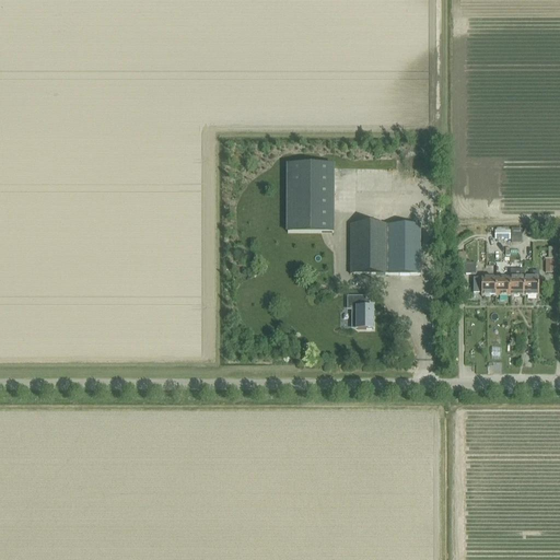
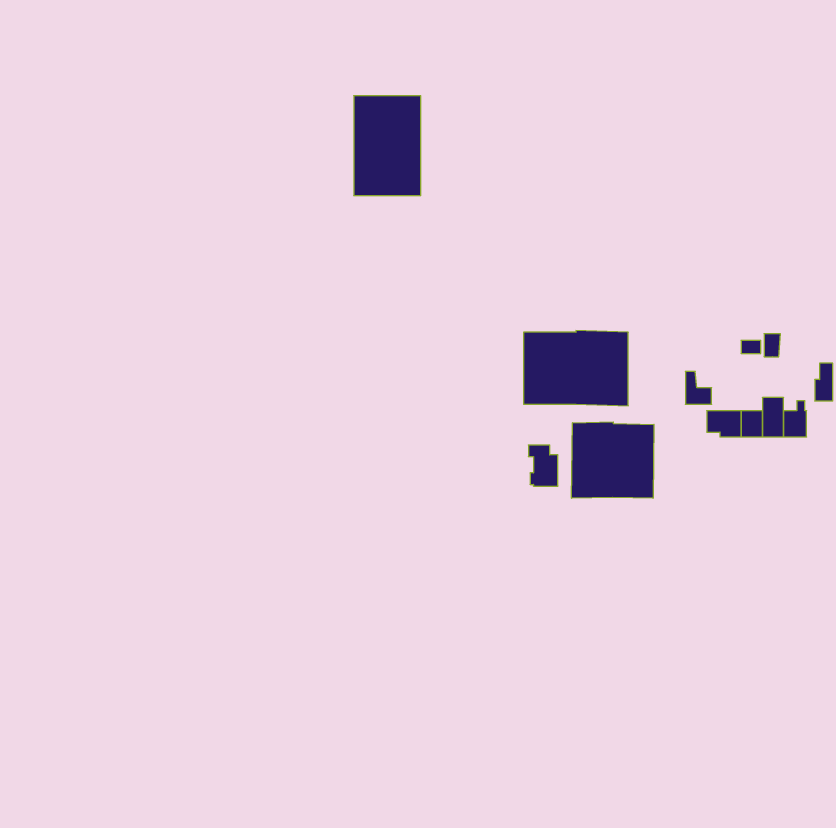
building: [288,161,332,228] -> [354,96,421,196]
building: none -> [572,422,654,498]

